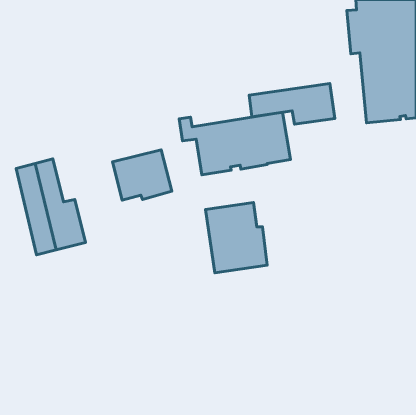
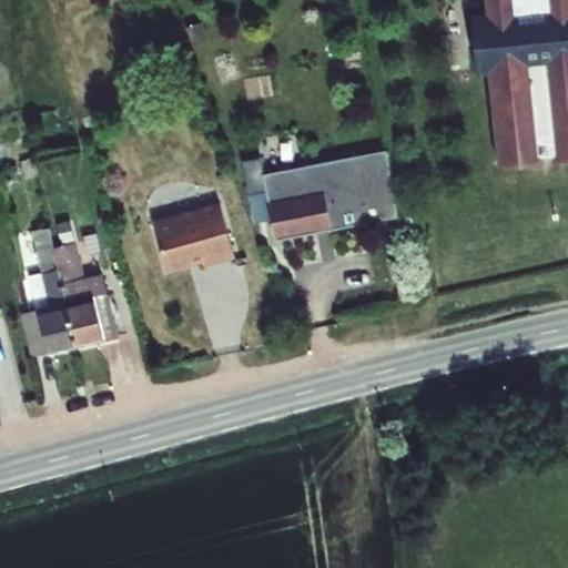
building: [249,83,335,124] -> none
building: [205,203,267,273] -> none

